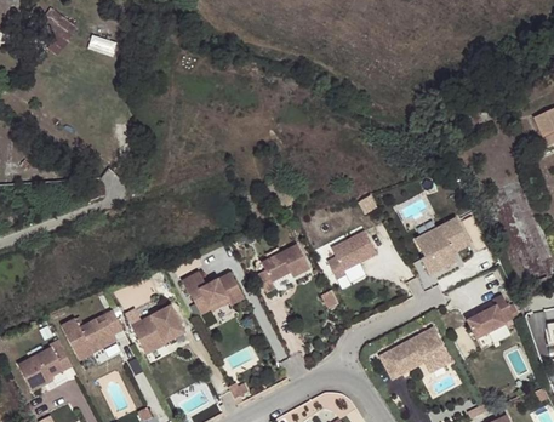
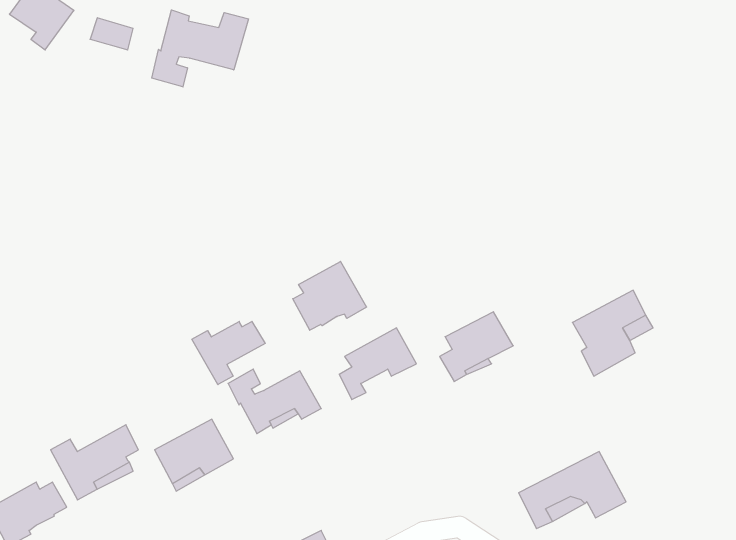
building: none -> [152,10,248,87]
building: none -> [293,261,367,330]
building: none -> [192,321,265,385]
building: [467,295,513,338] -> none

